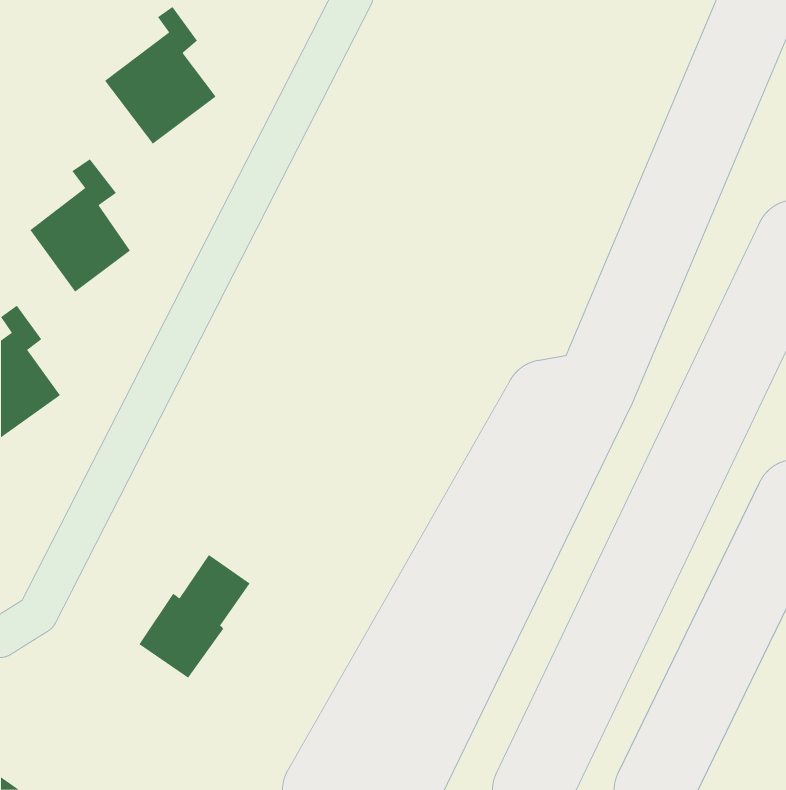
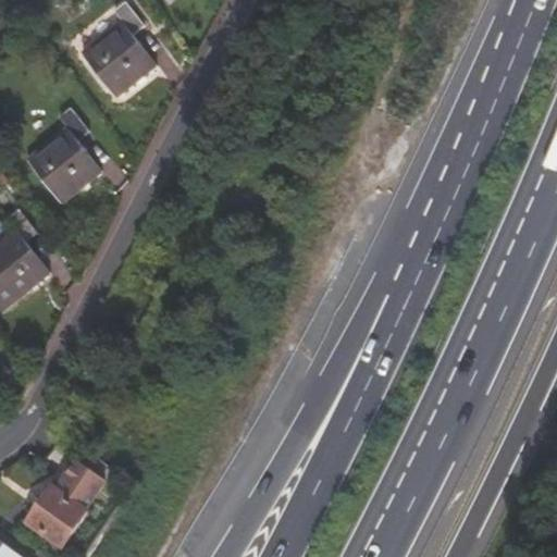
building: [139,554,251,678] -> [23,454,101,541]

